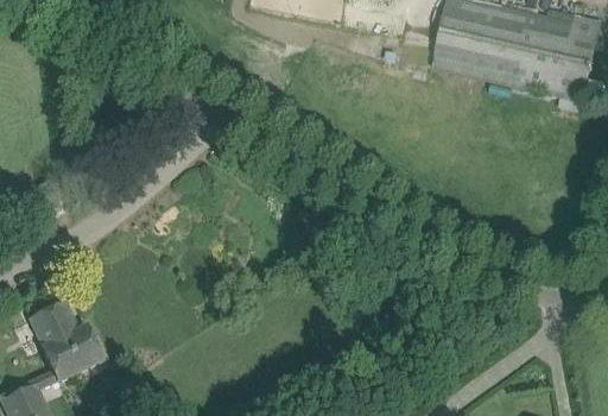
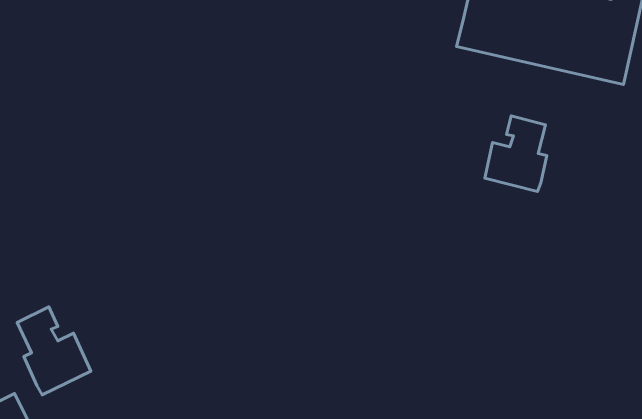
building: none -> [485,116,547,191]

